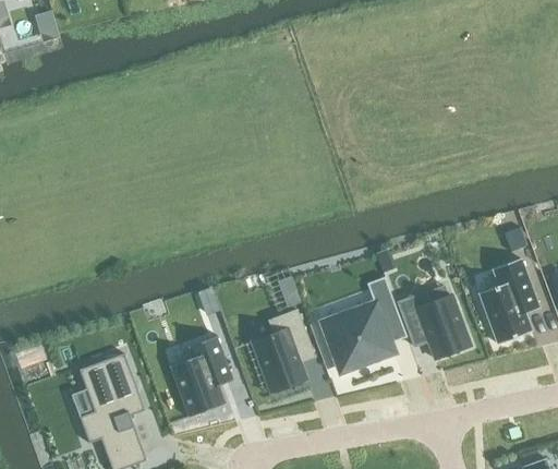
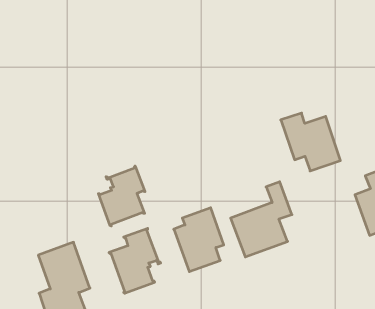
building: none -> [98,166,145,226]
building: [397,288,472,361] -> [281,113,340,171]

